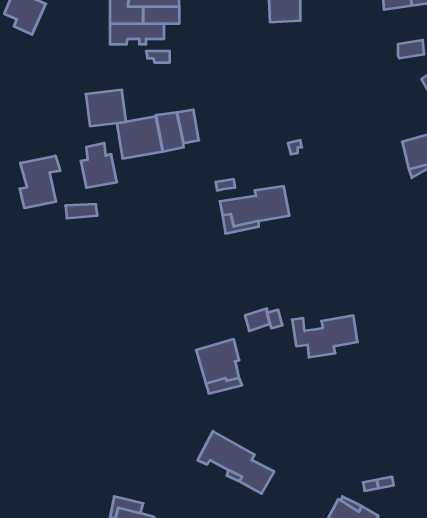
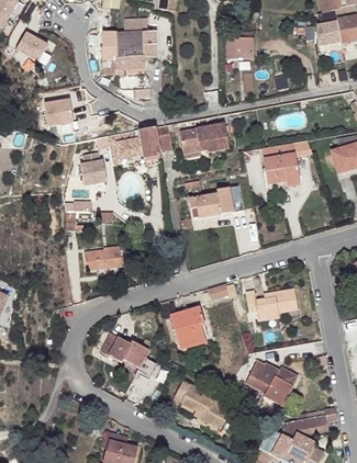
building: [86,90,126,126] -> [45,98,77,126]
building: none -> [180,123,230,154]
building: none -> [263,140,314,184]
building: [20,156,60,208] -> none
building: none -> [85,246,122,270]
building: none -> [101,332,150,370]
building: none -> [245,360,292,405]

